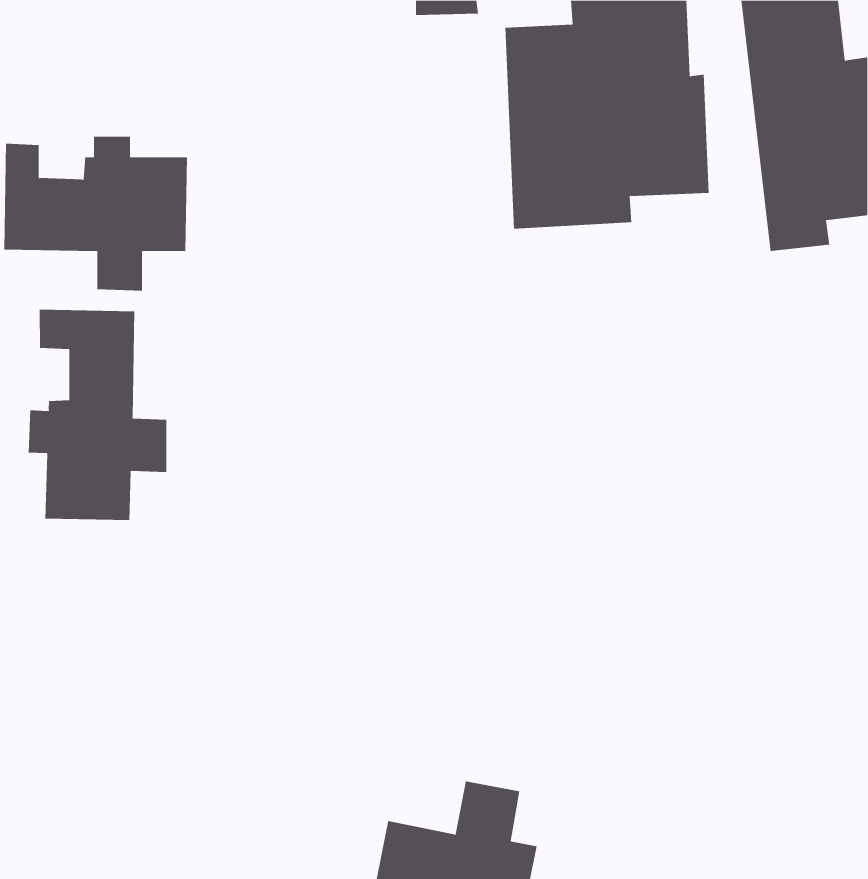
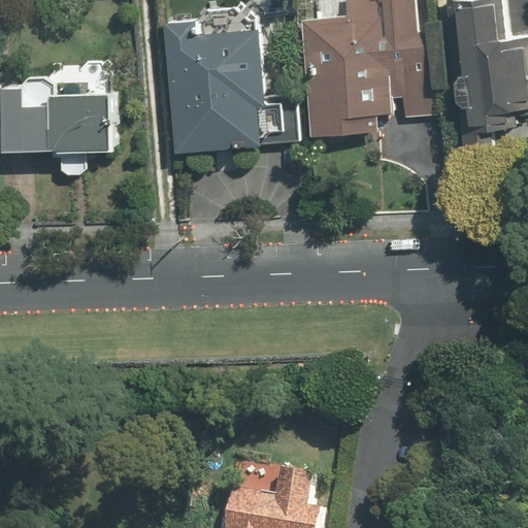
building: none -> [162,9,299,146]
building: [28,309,167,521] -> none

